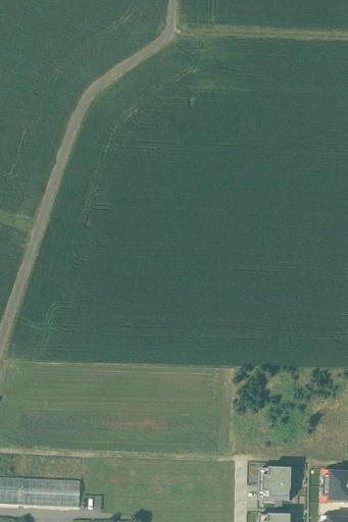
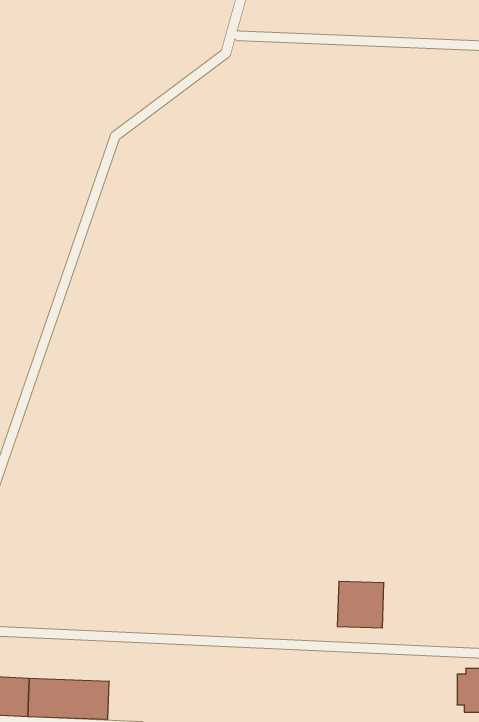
building: [258,467,291,500] -> [337,581,384,628]

